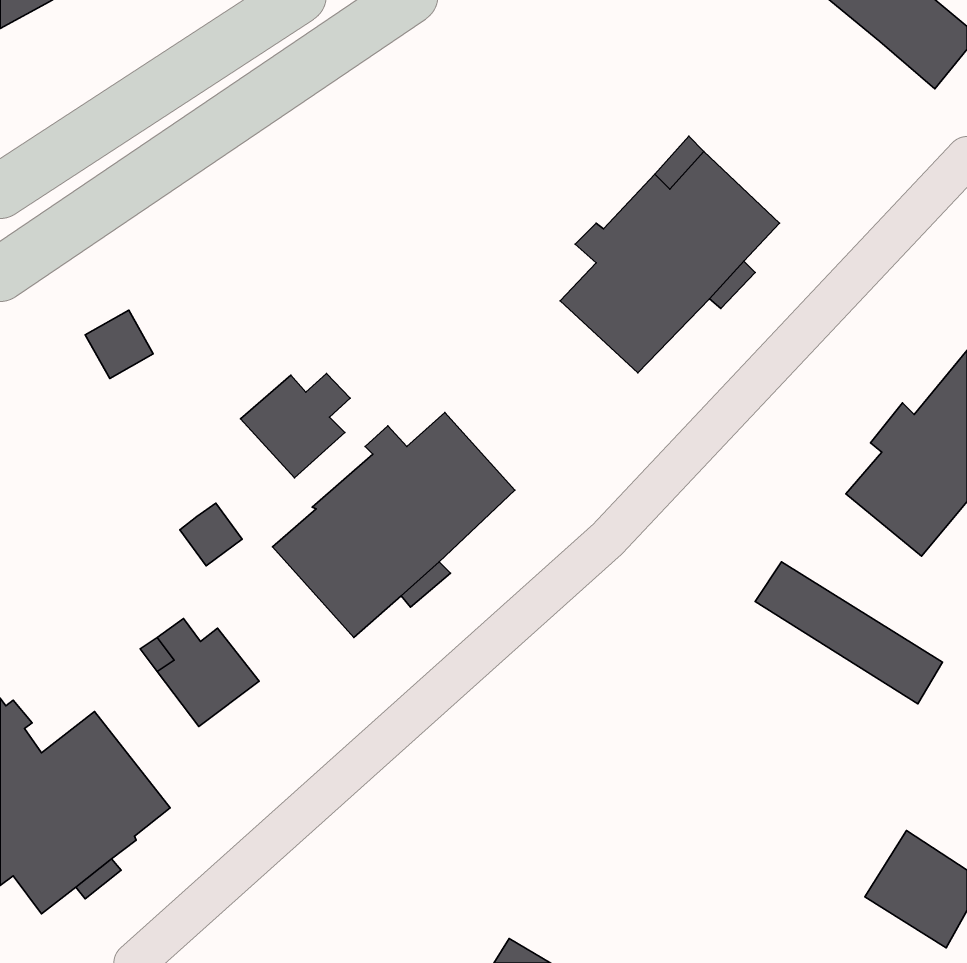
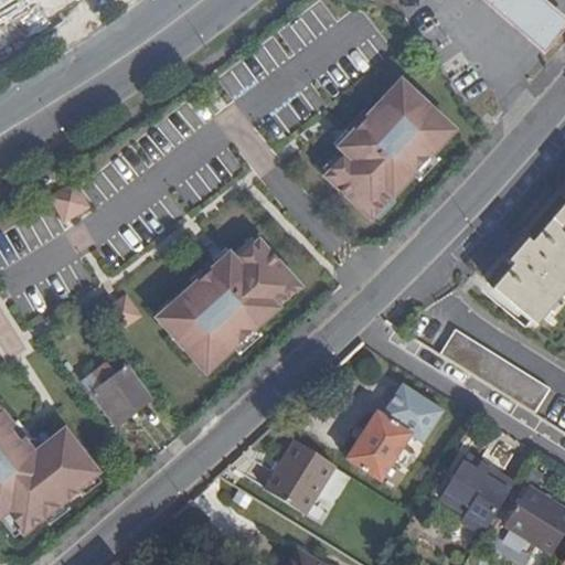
building: [241,373,350,478] -> none
building: none -> [345,383,444,480]
building: none -> [264,438,335,513]
building: none -> [438,451,514,533]

